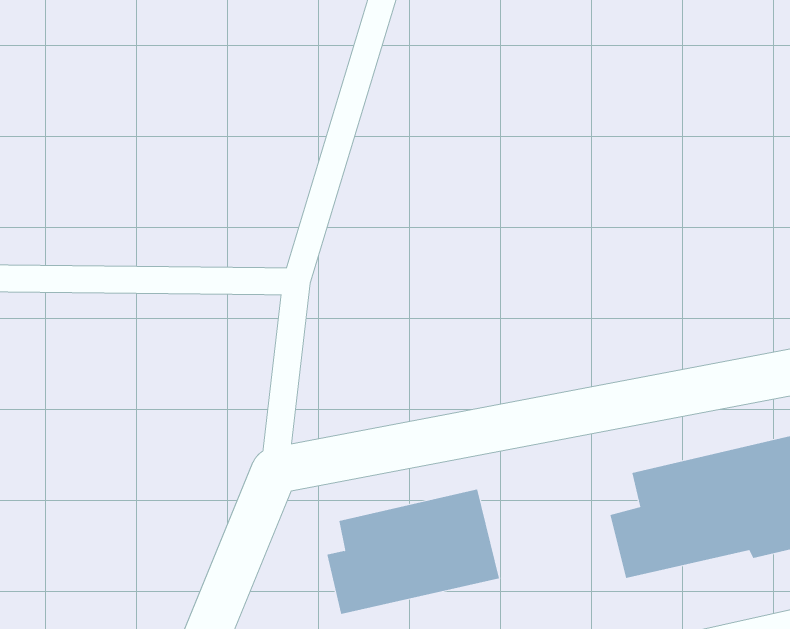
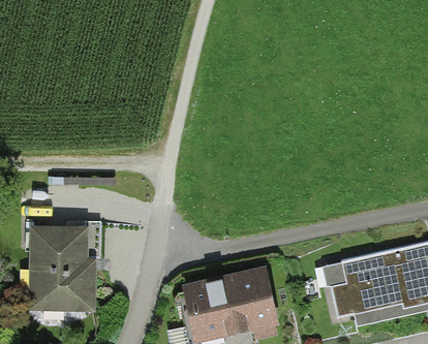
building: none -> [34,228,103,314]

